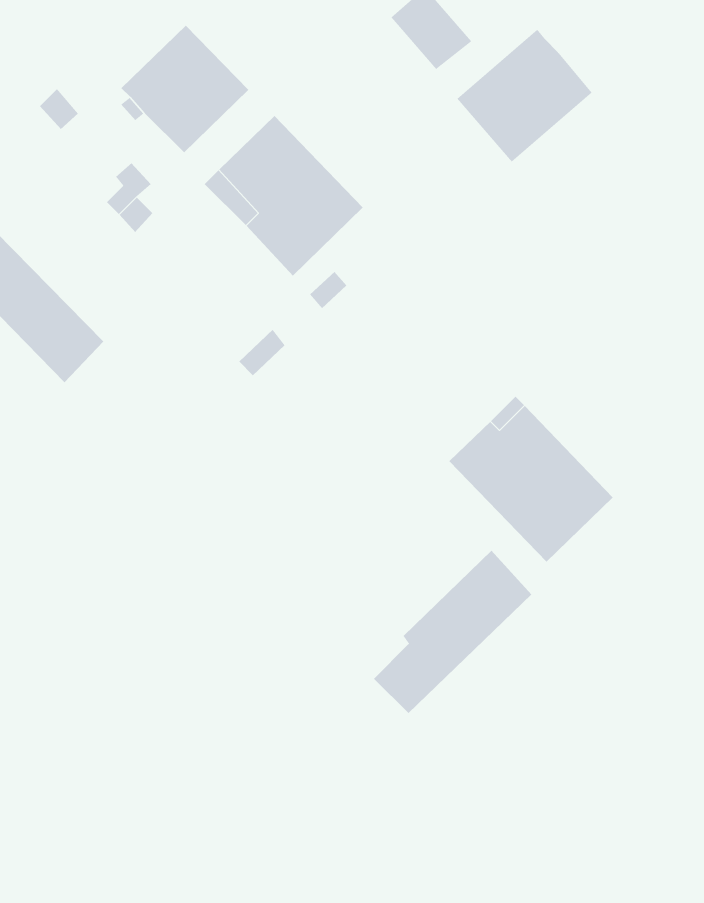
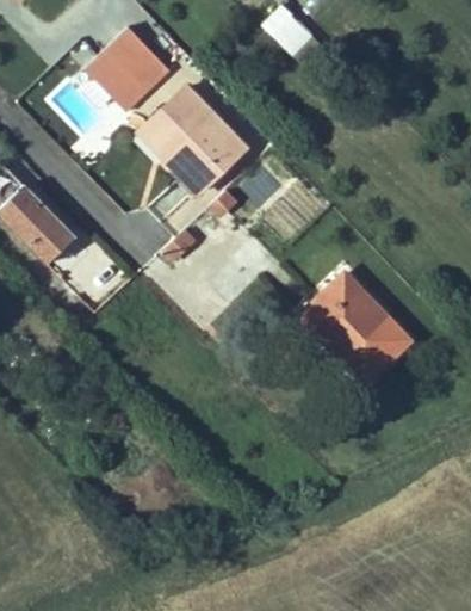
building: [457,29,592,162] -> none
building: [373,550,532,714] -> none

